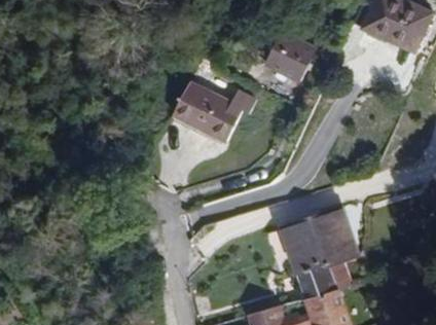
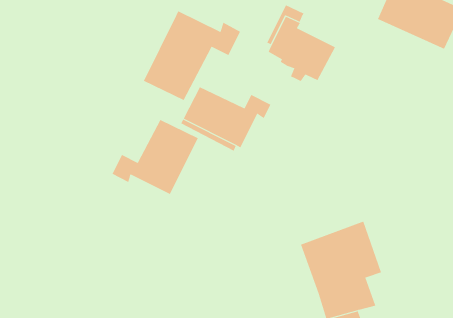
building: none -> [143,10,241,101]
building: none -> [112,119,199,195]

